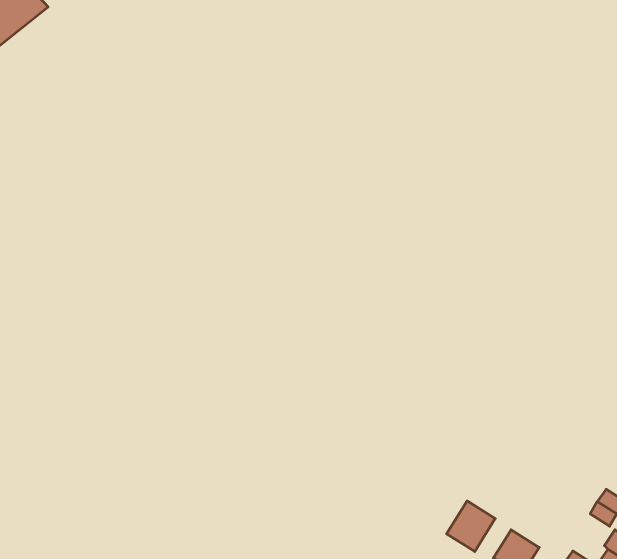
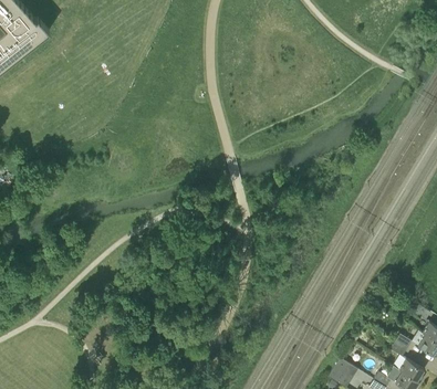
building: [447,501,495,552] -> none

